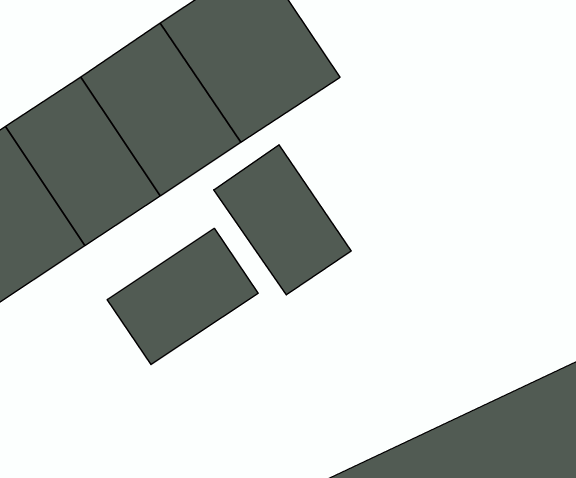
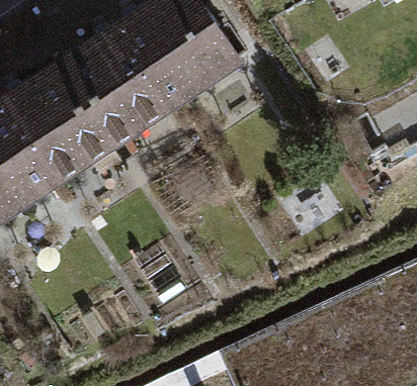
building: [214,145,351,295] -> none
building: [107,228,258,365] -> none

